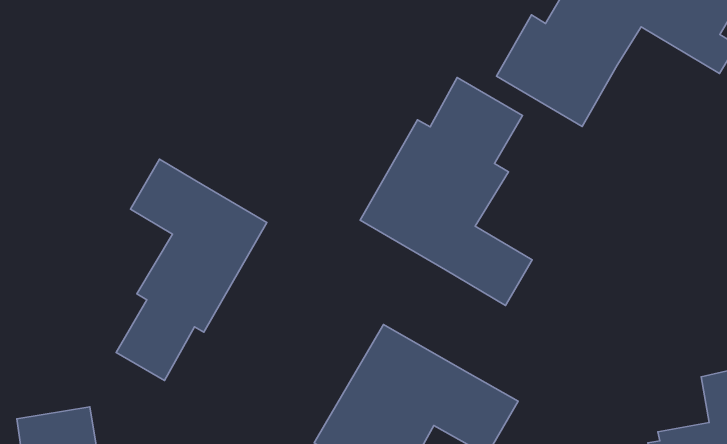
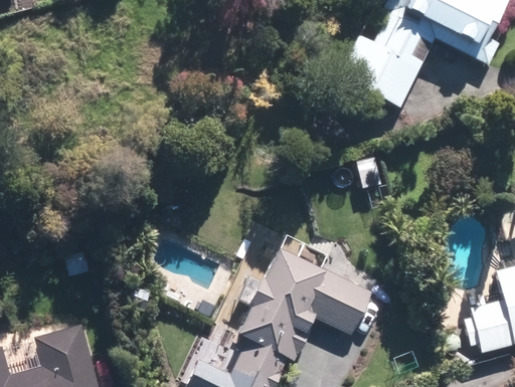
building: [360,77,532,305] -> none
building: [116,159,267,381] -> none

